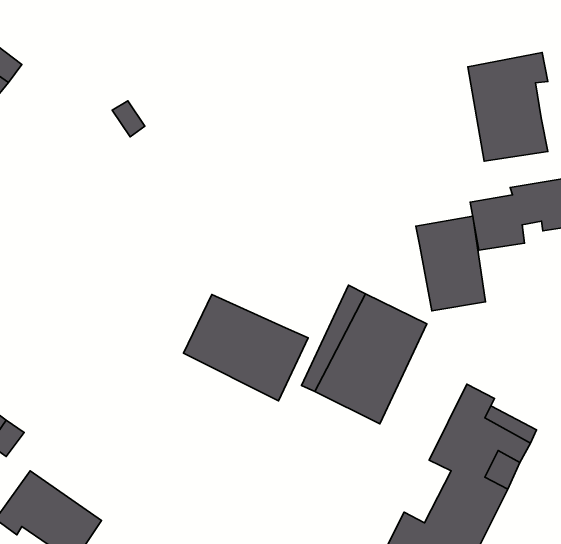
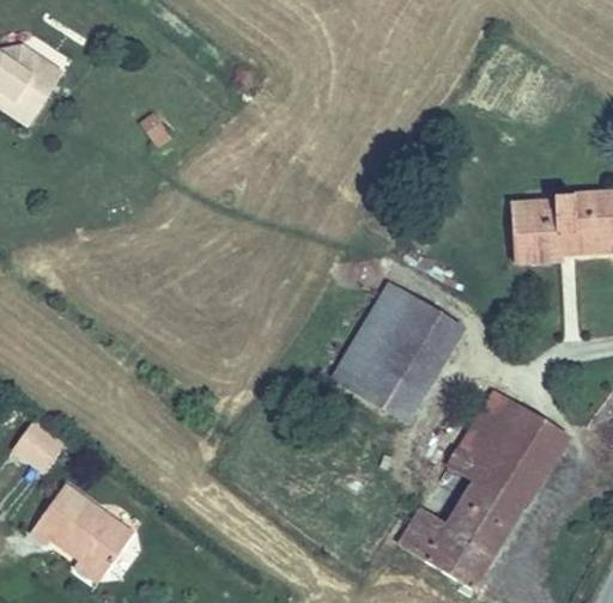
building: [468,52,548,161] -> none
building: [416,216,486,311] -> none
building: [184,294,308,401] -> none

